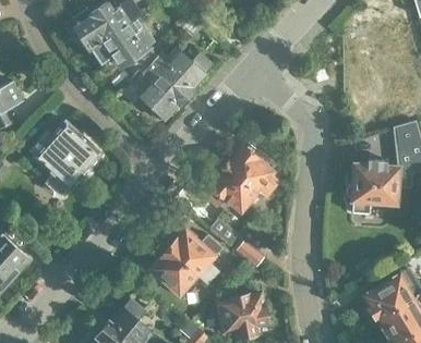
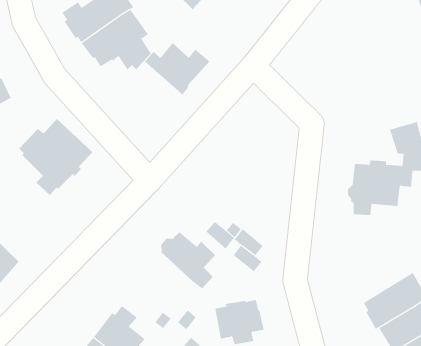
building: [120,65,188,120] -> none
building: [204,145,272,211] -> none
building: [147,248,196,296] -> none

